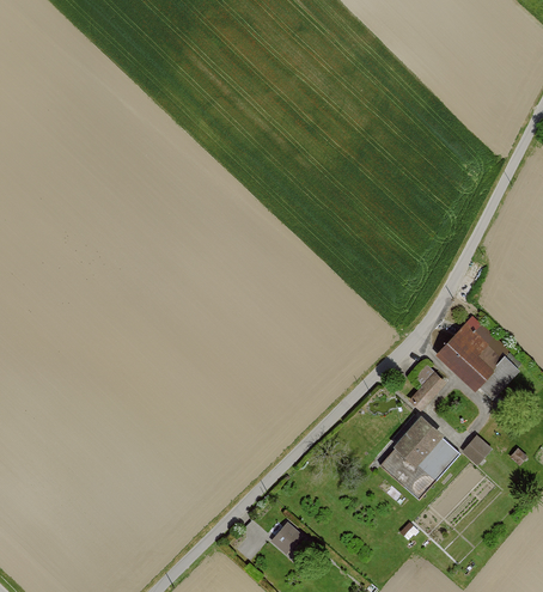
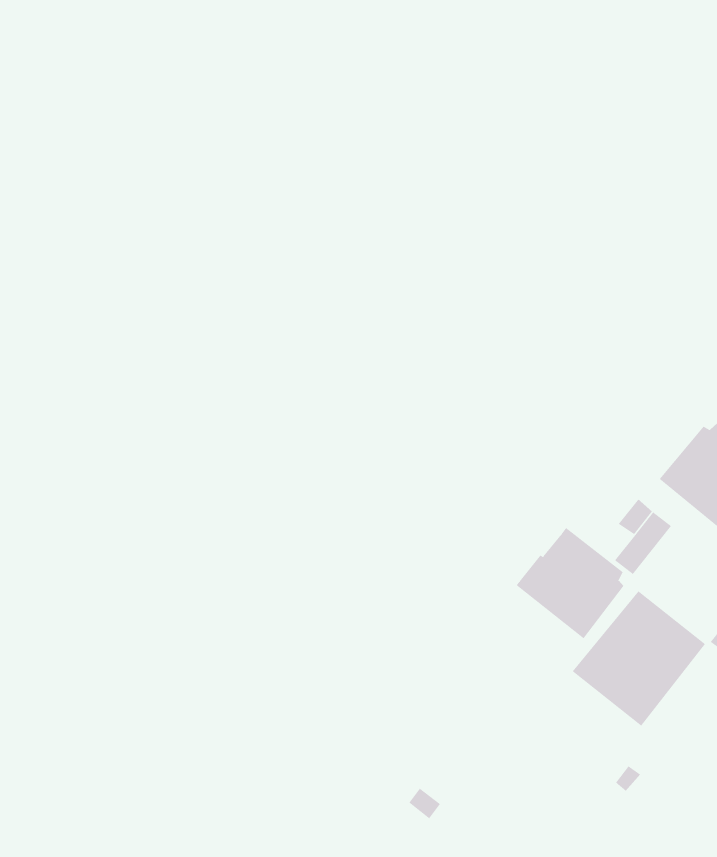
building: none -> [516,527,624,639]

